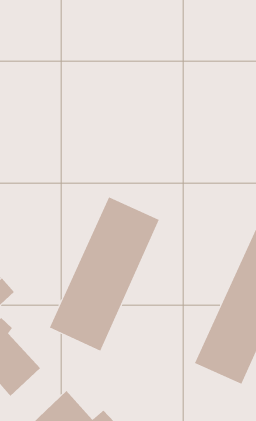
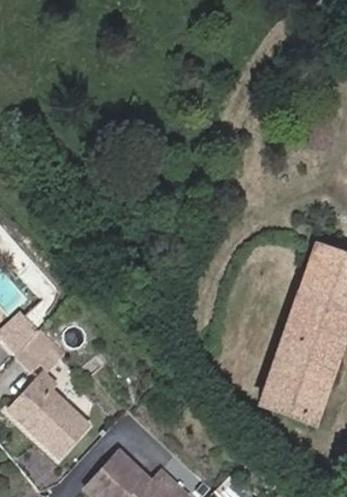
building: [49,197,159,351] -> none

